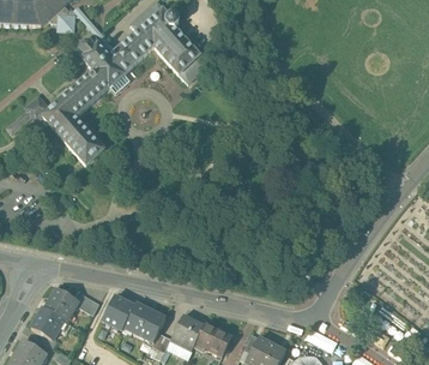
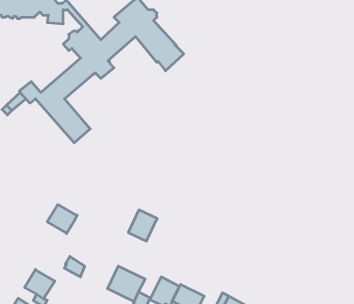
building: [46,288,79,321] -> [47,205,77,234]
building: [103,295,135,330] -> [128,210,157,241]

